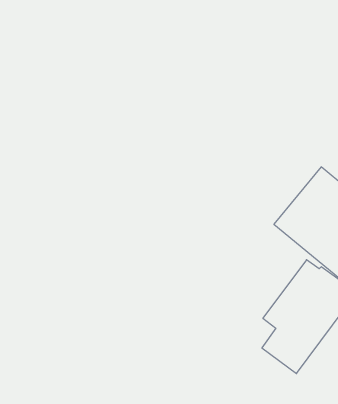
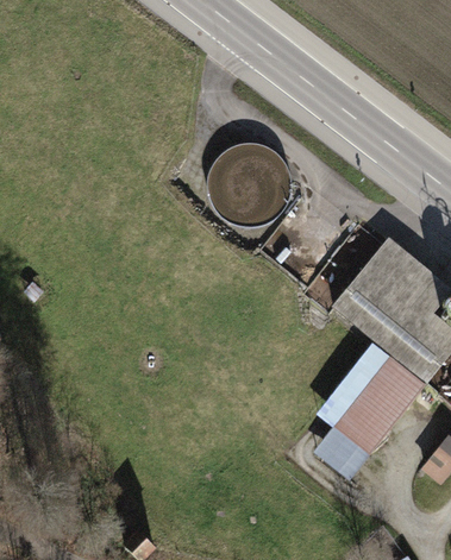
building: none -> [208,141,292,225]

